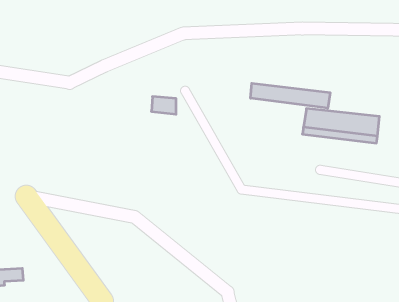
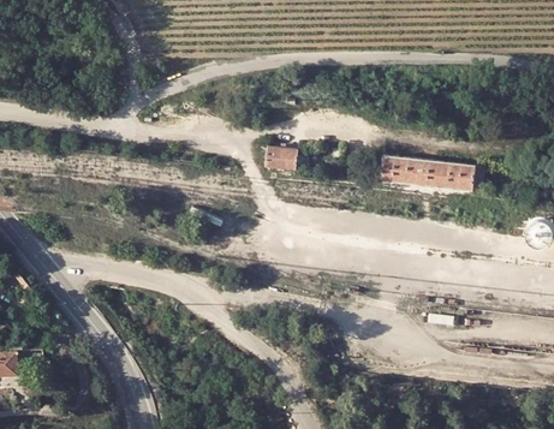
building: [251,83,330,108] -> none
building: [151,97,176,114] -> [267,147,297,168]

